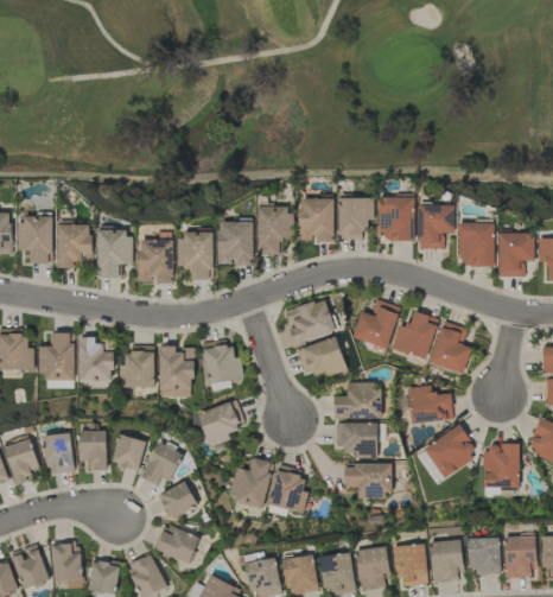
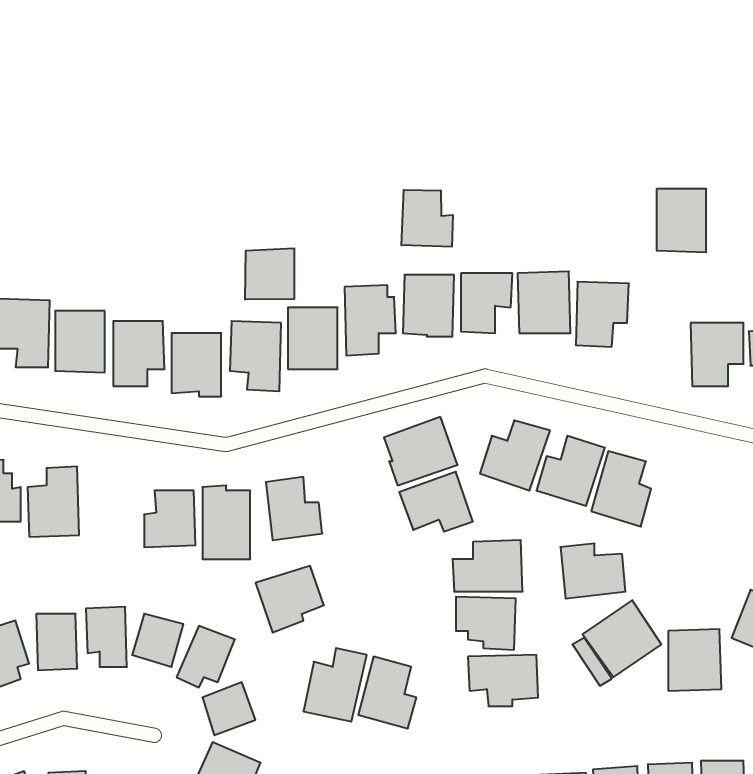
building: none -> [401,190,453,247]
building: none -> [245,248,294,300]
building: [459,223,494,267] -> [657,189,706,252]
building: [77,339,113,381] -> none

